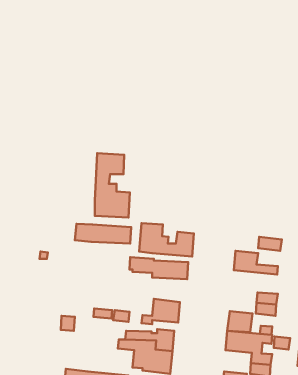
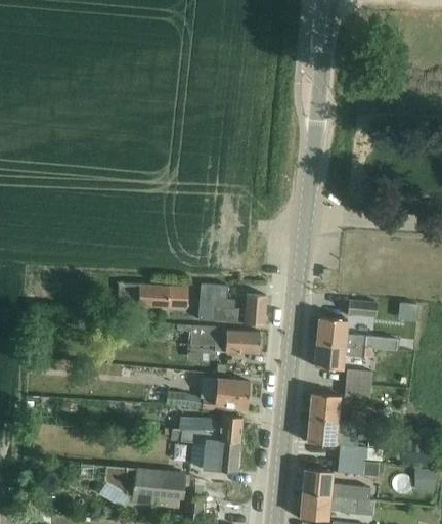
building: [95,153,130,217] -> none
building: none -> [314,343,371,370]

